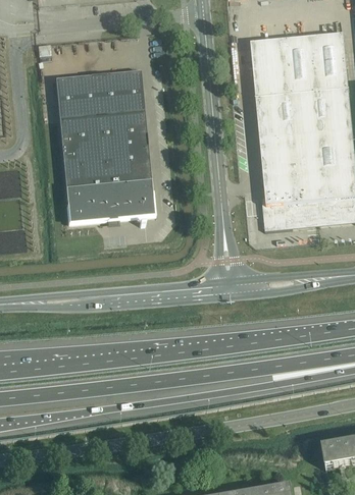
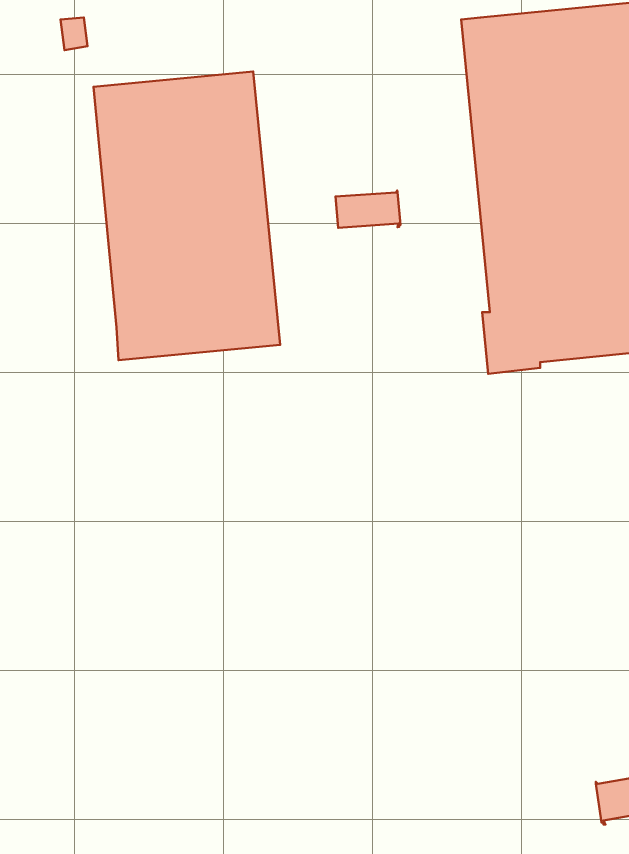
building: none -> [336,190,400,228]

